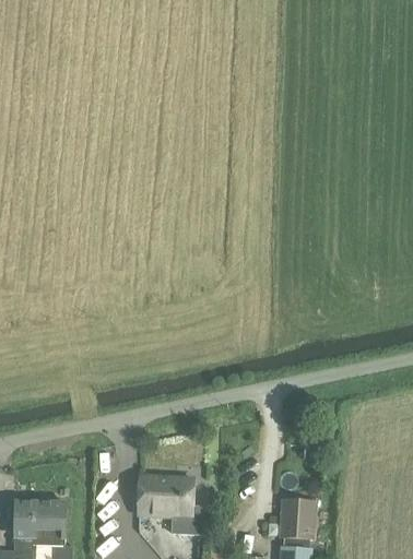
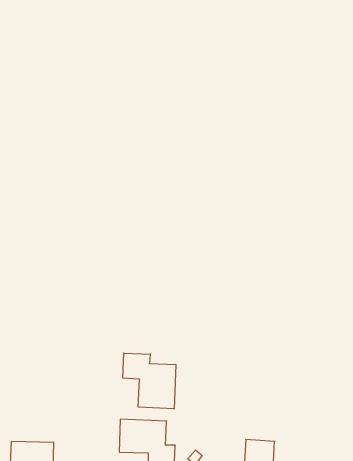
building: none -> [123,353,176,409]

